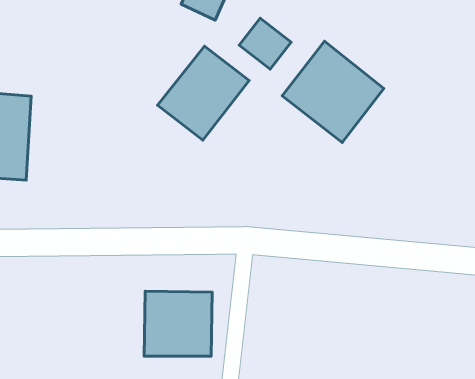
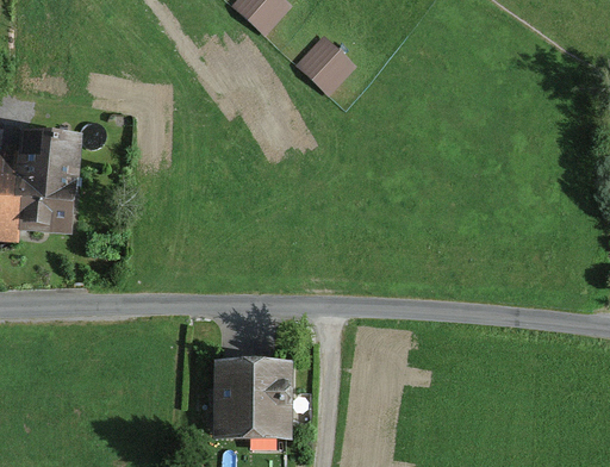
building: [282,41,384,142] -> none
building: [158,46,249,140] -> none

